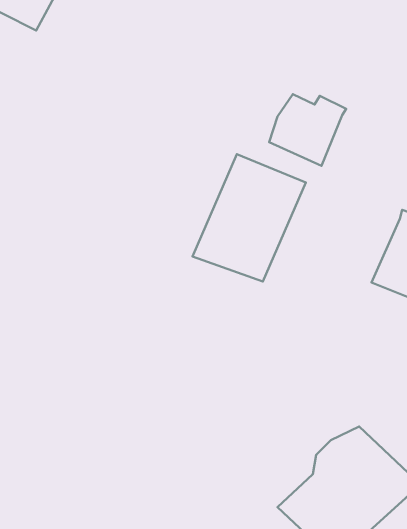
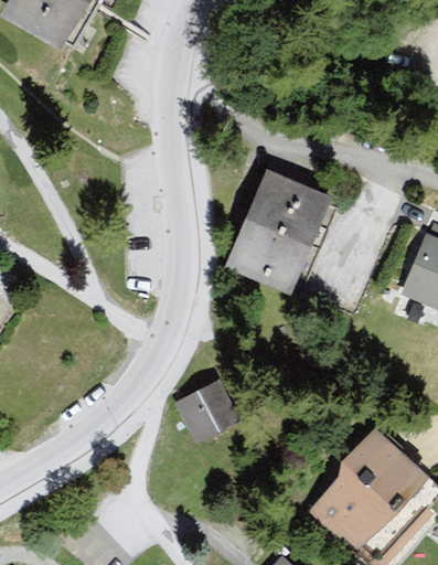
building: [269,94,346,166] -> none
building: none -> [172,381,246,443]

